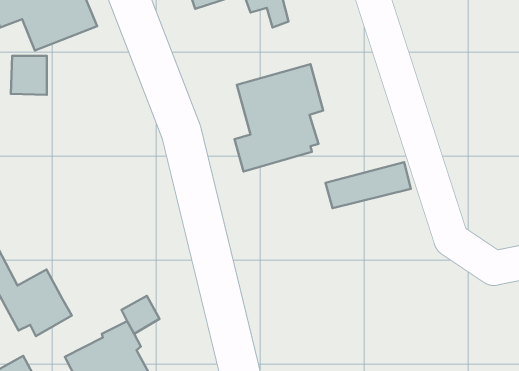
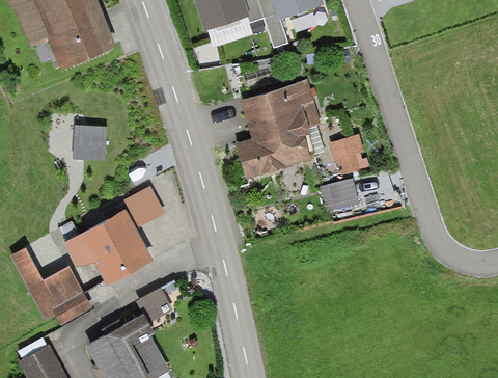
building: [11,56,47,95] -> [76,124,108,159]
building: none -> [329,134,365,176]
building: none -> [63,188,163,286]

